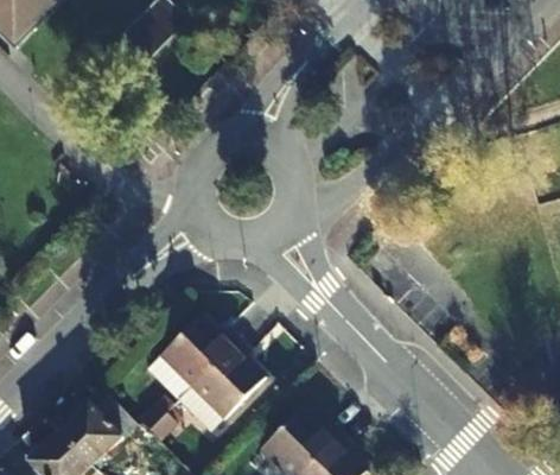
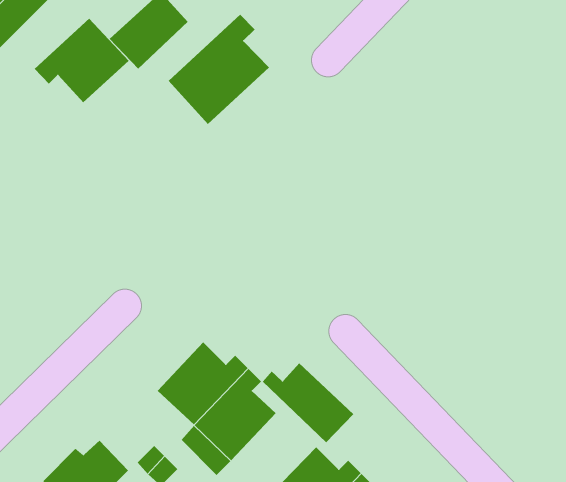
building: none -> [168,14,270,125]
building: none -> [34,18,129,103]
building: none -> [262,362,354,443]

